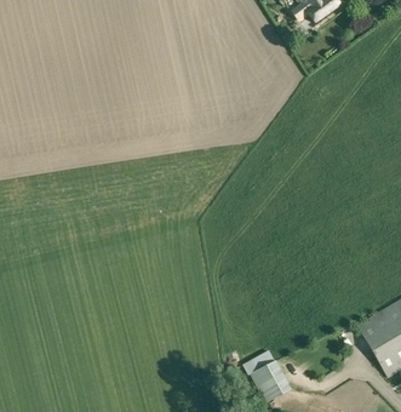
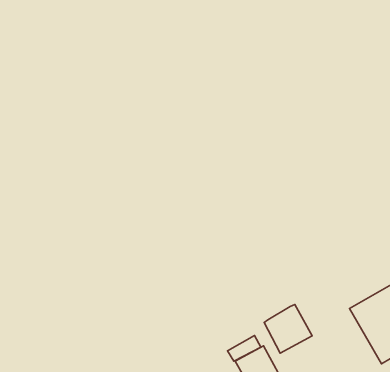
building: none -> [264,304,312,353]

